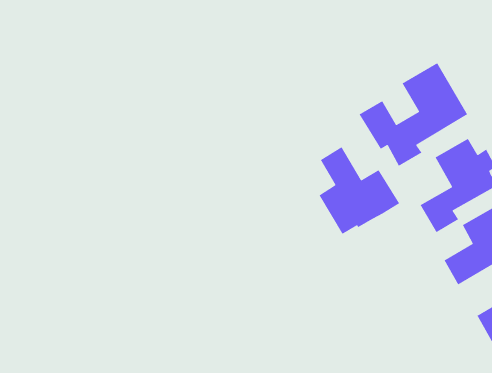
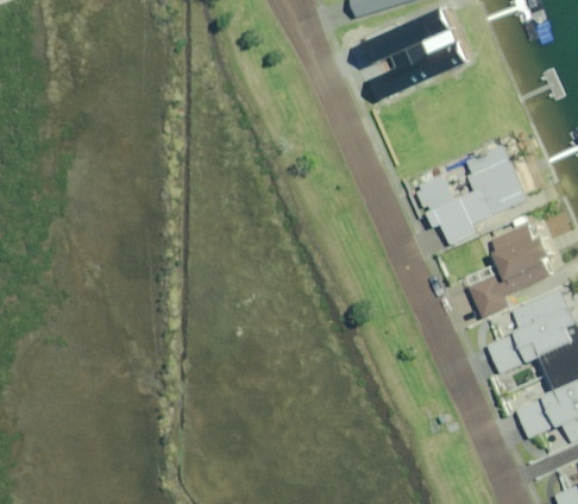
building: [318,146,400,235] -> none

